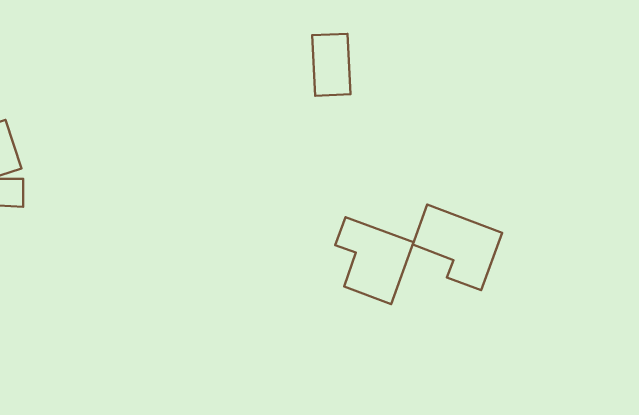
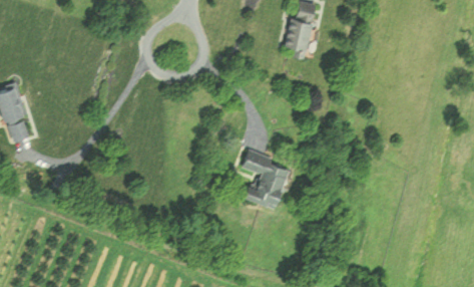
building: [312,34,351,96] -> [288,8,314,50]
building: [413,204,502,290] -> none

